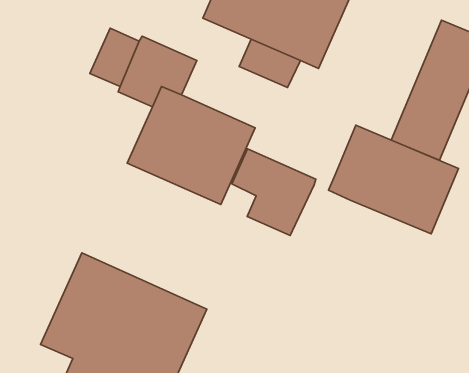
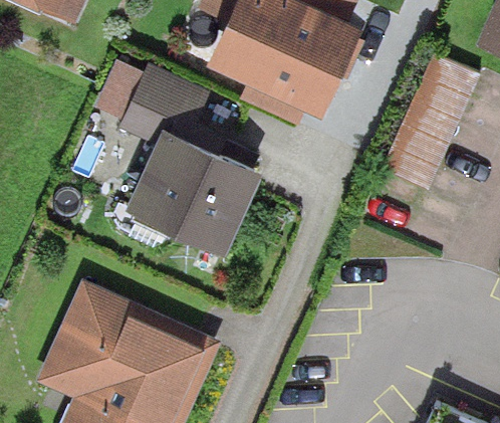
building: [329,125,459,234] -> none
building: [232,149,316,236] -> none

